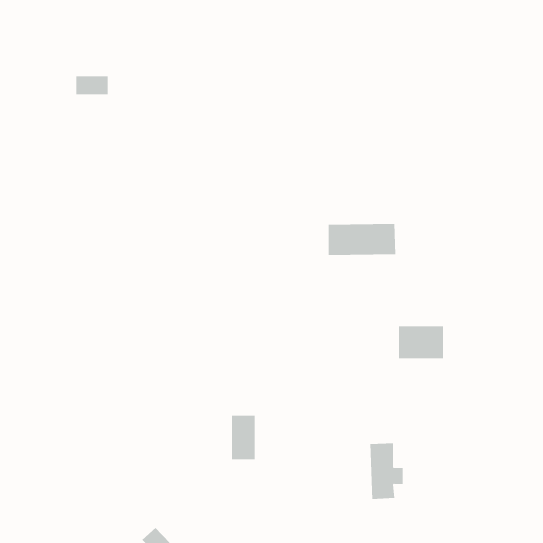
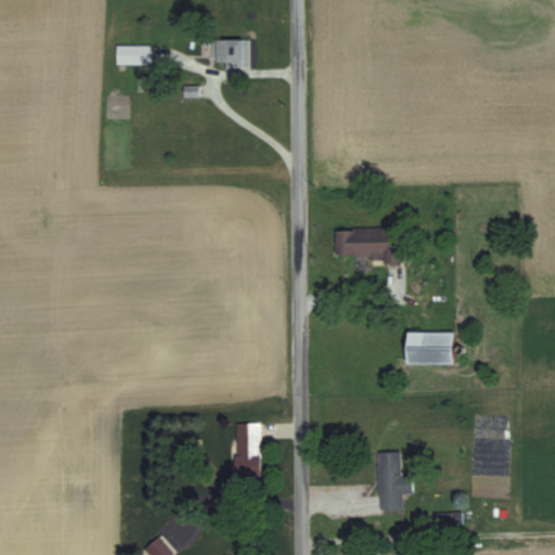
building: none -> [215,40,248,66]
building: [75,76,108,95] -> [116,46,150,65]

